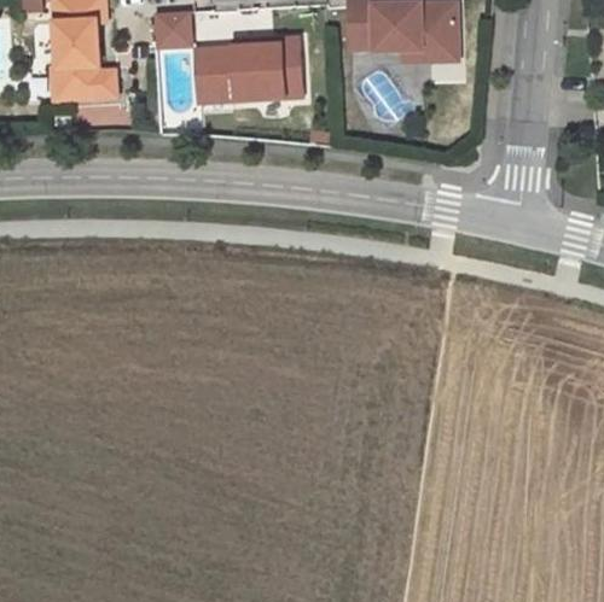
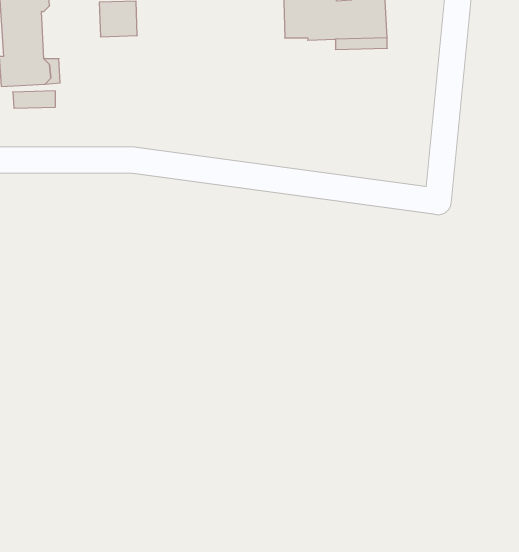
building: [196,37,301,101] -> none

